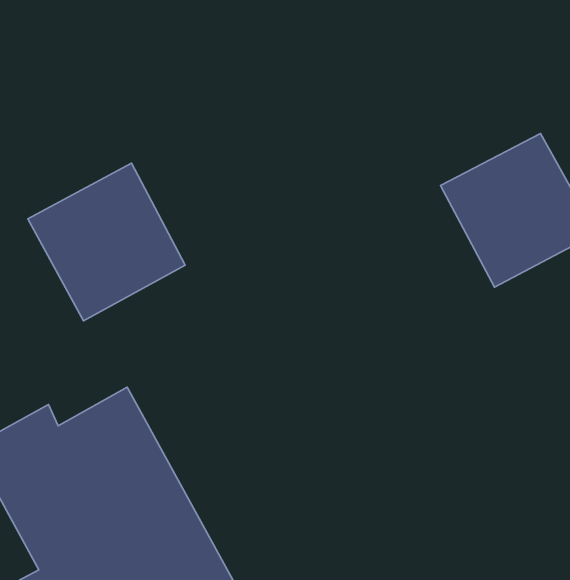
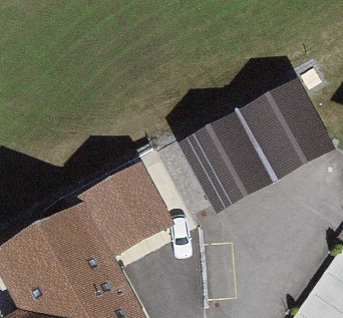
building: [28,163,185,321] -> [85,168,167,250]
building: none -> [184,117,264,198]

